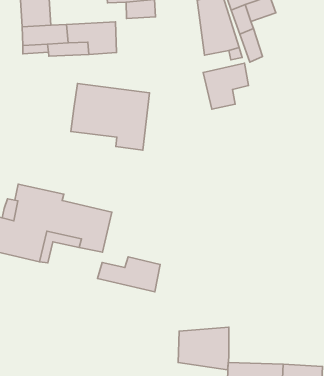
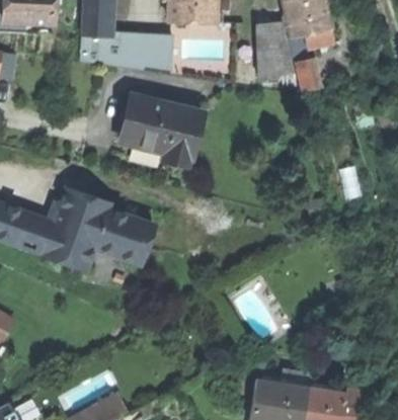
building: [203,63,249,109] -> none
building: [97,257,160,292] -> none
building: [178,327,229,370] -> none

